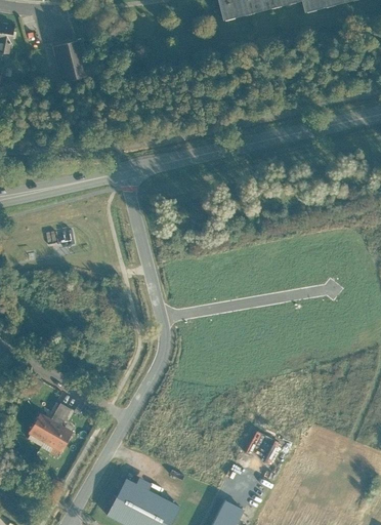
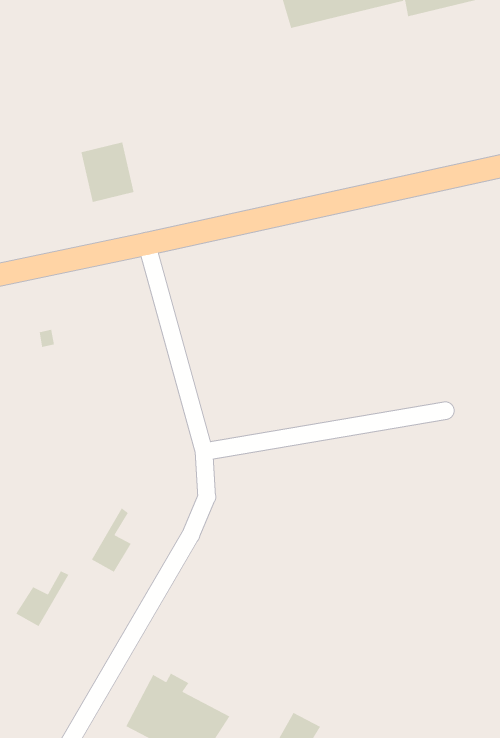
building: [51,41,89,84] -> [80,141,134,203]
building: [45,405,74,451] -> [91,507,132,573]

